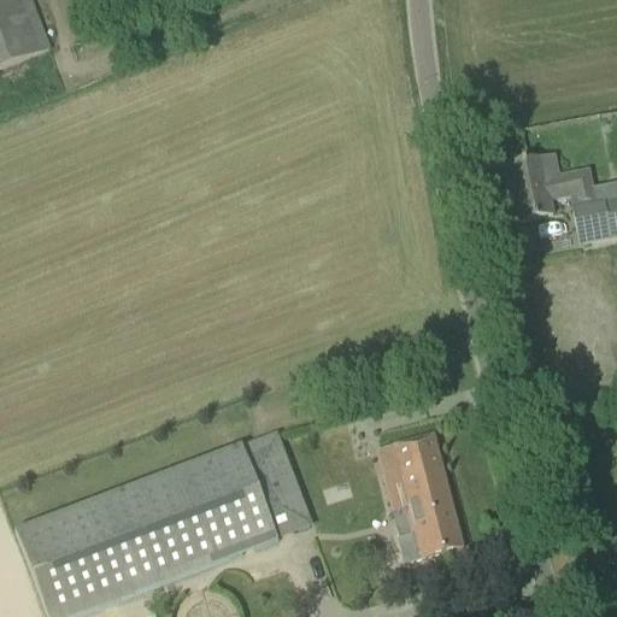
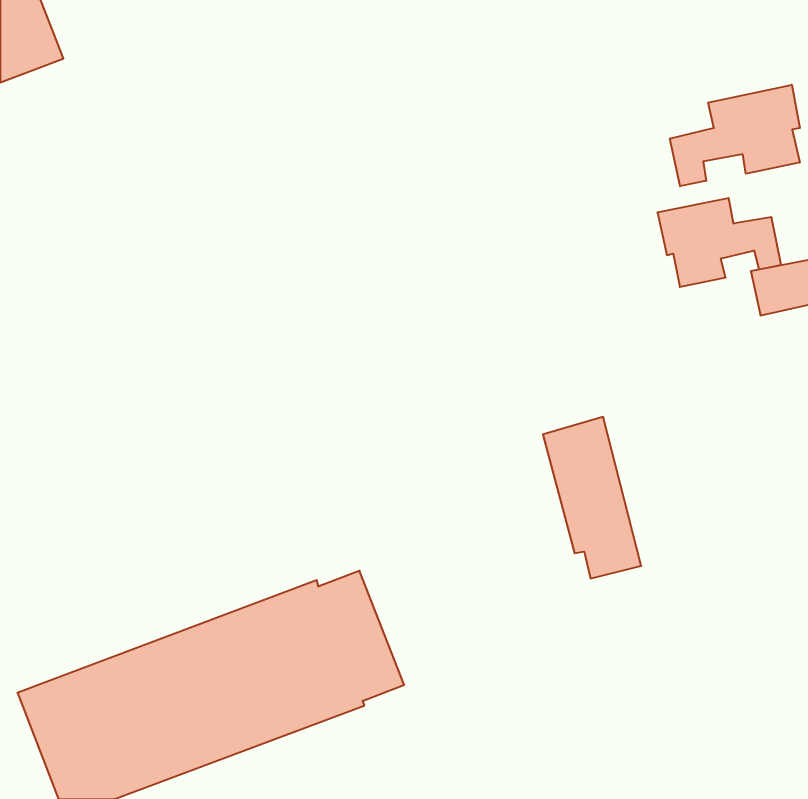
building: none -> [670,85,800,186]
building: [388,431,463,554] -> [543,417,641,579]

